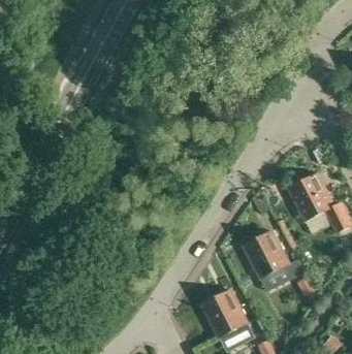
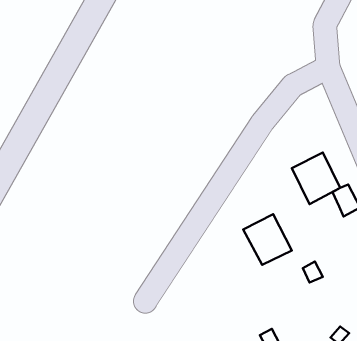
building: [201,290,246,337] -> none

